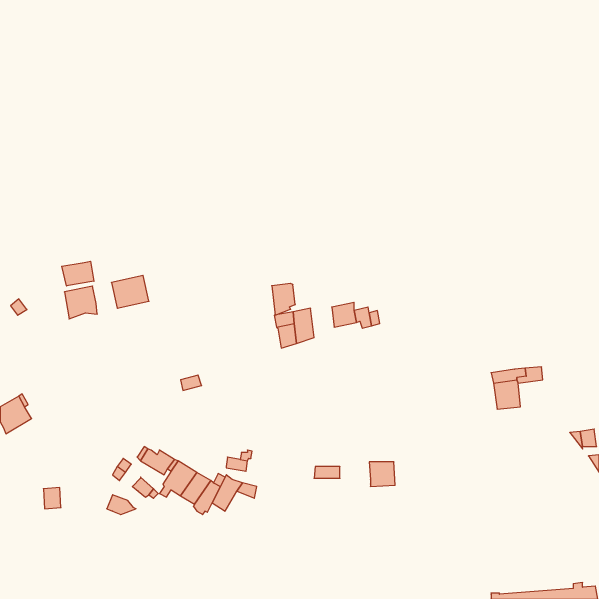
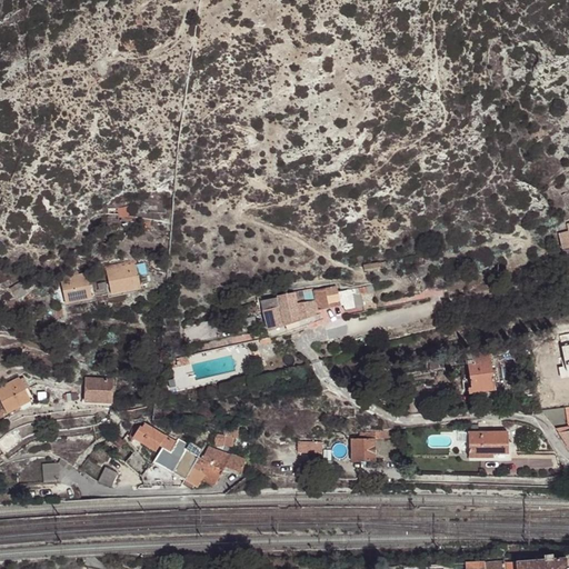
building: [62,261,94,286] -> none
building: [272,283,295,315] -> [295,290,317,320]
building: none -> [84,378,111,401]
building: none -> [471,435,511,460]

